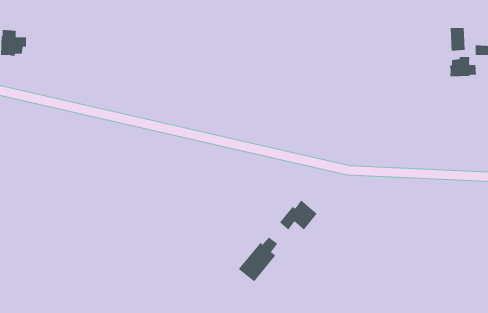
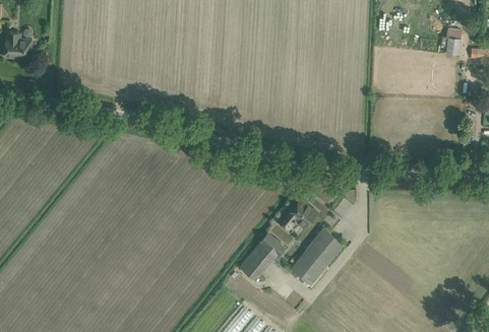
building: [449,56,477,77] -> none
building: none -> [292,227,345,283]

